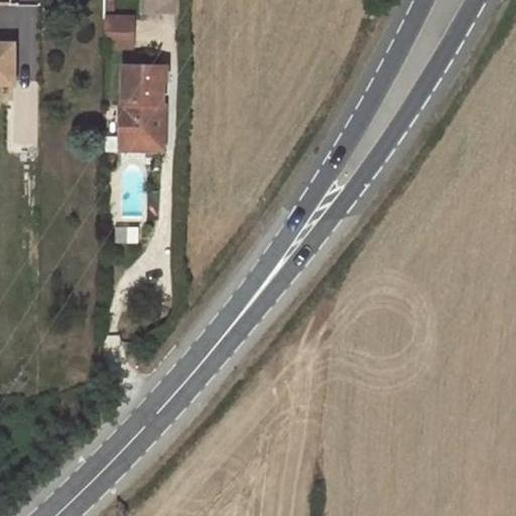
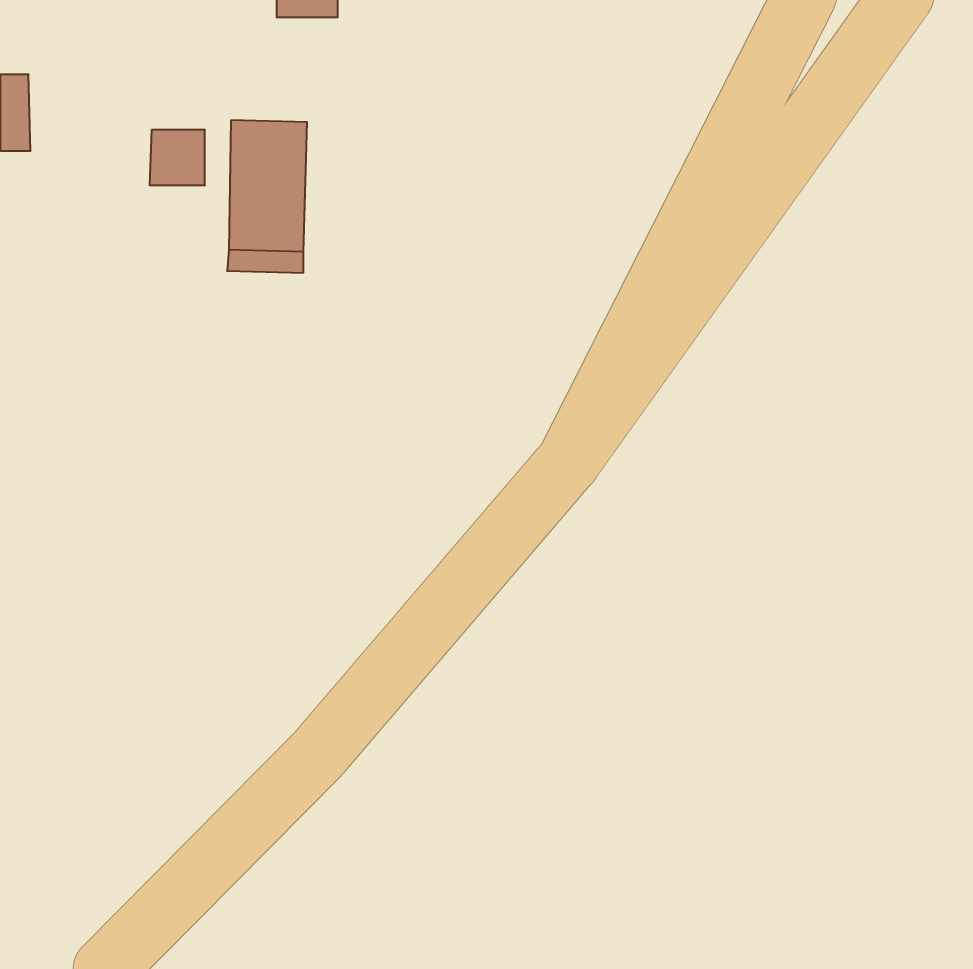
building: [103,15,132,44] -> [150,130,205,185]

